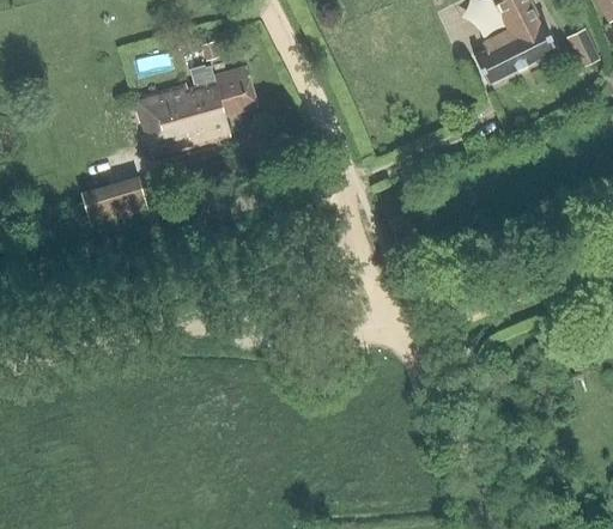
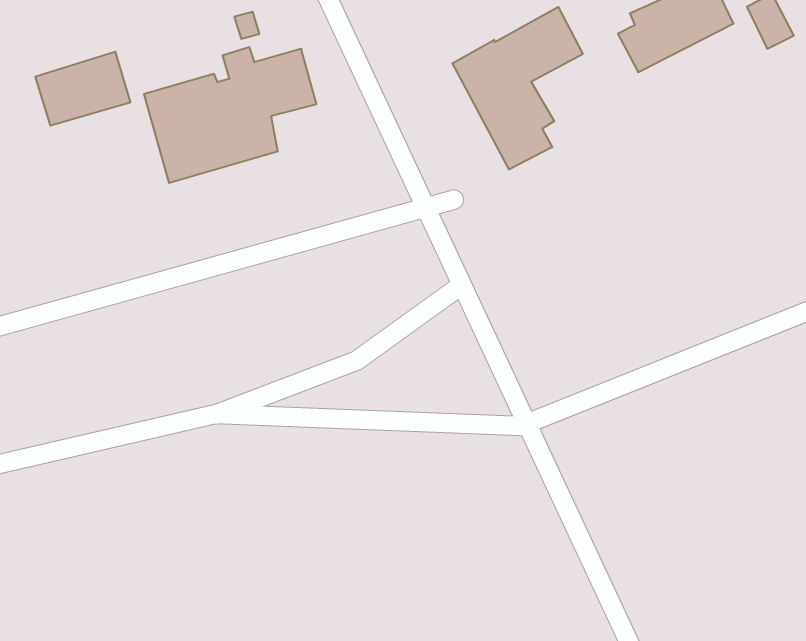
building: none -> [453,7,583,170]
building: [78,174,146,226] -> [35,52,131,126]

